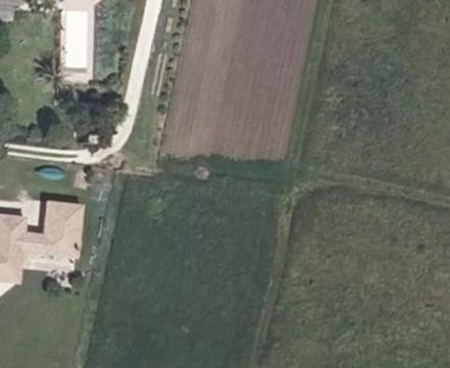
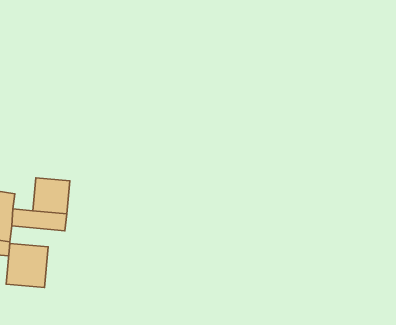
building: none -> [6,243,48,288]

